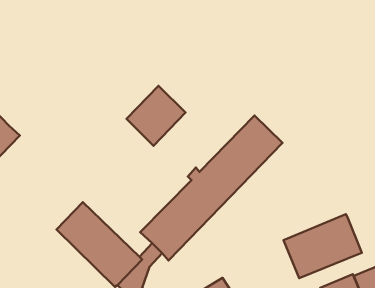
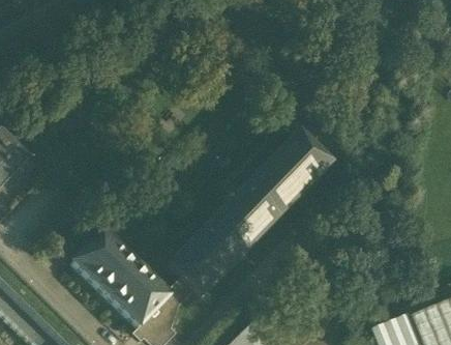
building: [126,86,186,146] -> none
building: [284,214,362,278] -> none

